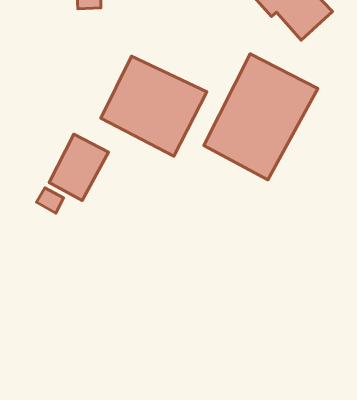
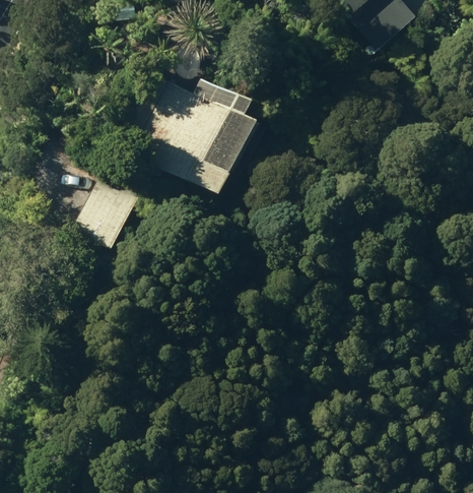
building: [204,54,318,180] -> none

